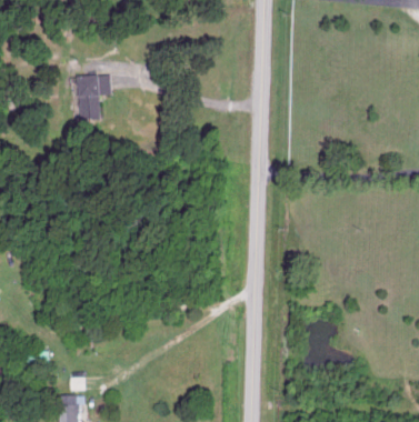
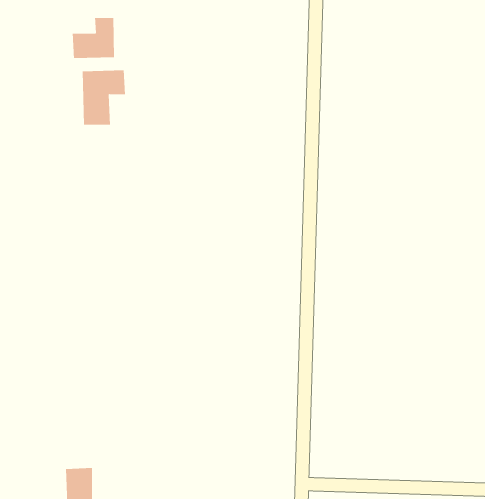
building: none -> [72,17,114,59]

